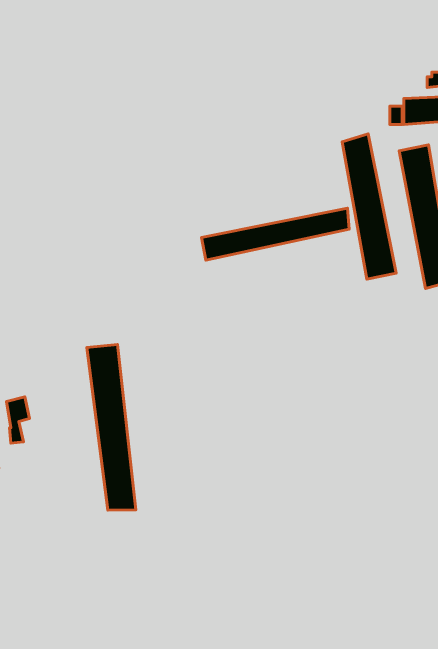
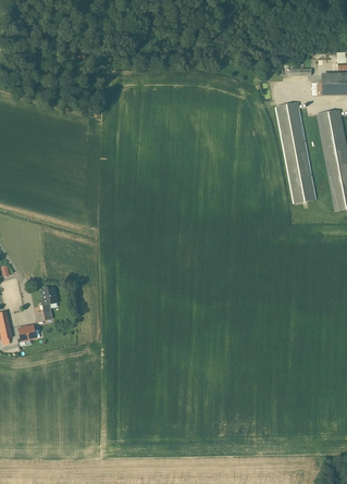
building: [202,208,349,260] -> none
building: [87,344,136,510] -> none

